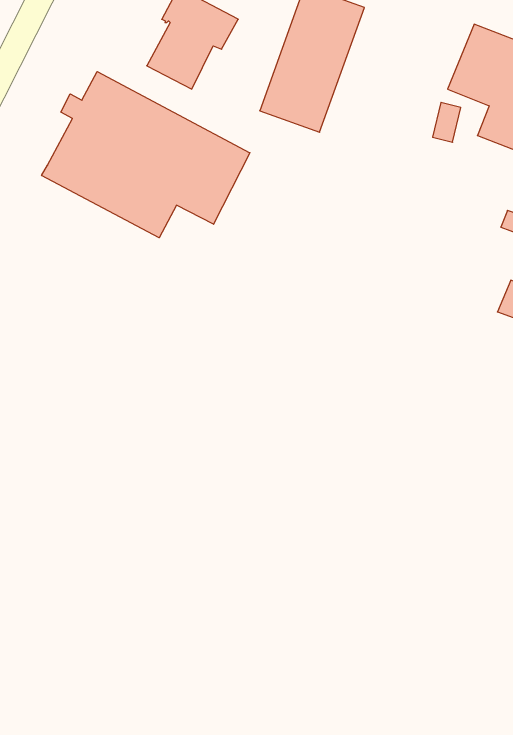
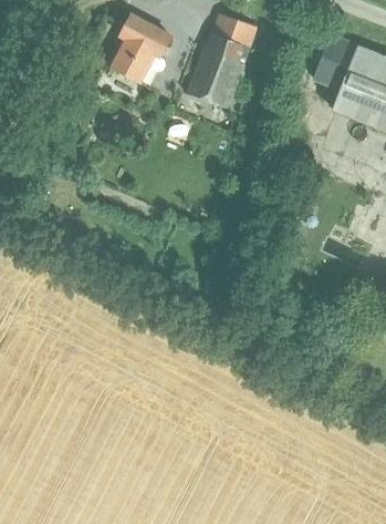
building: [42,72,250,238] -> none

